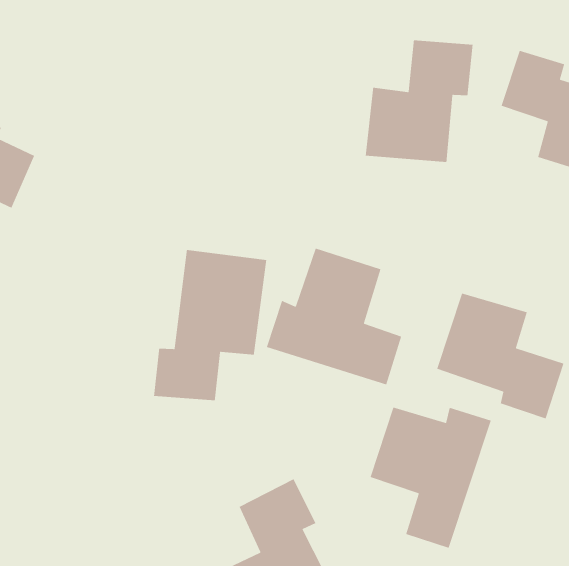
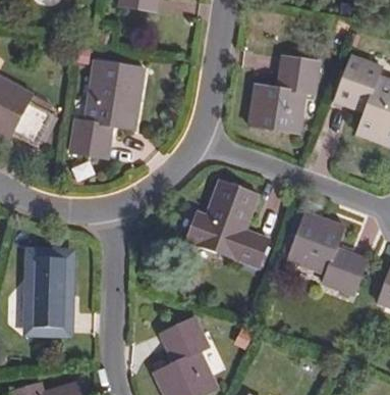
building: [153,249,267,401] -> [70,61,145,155]
building: none -> [26,251,70,331]
building: [369,407,492,549] -> none

